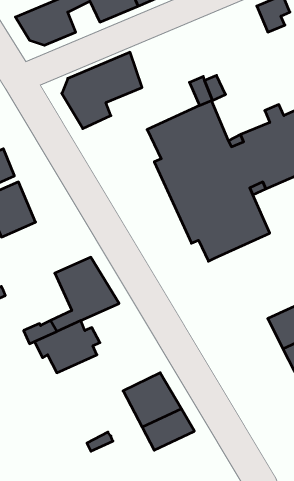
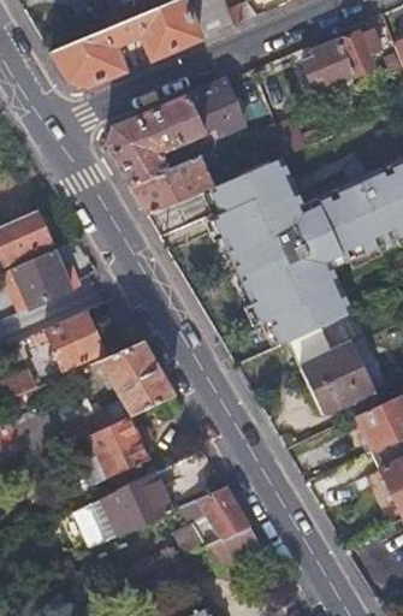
building: none -> [306,41,352,89]
building: none -> [188,81,243,141]
building: none -> [131,159,208,217]
building: none -> [289,313,375,411]
building: none -> [47,314,103,371]
building: none -> [89,469,170,535]

